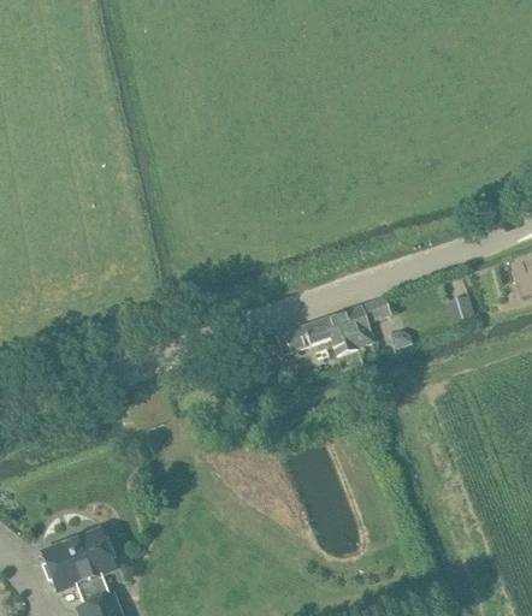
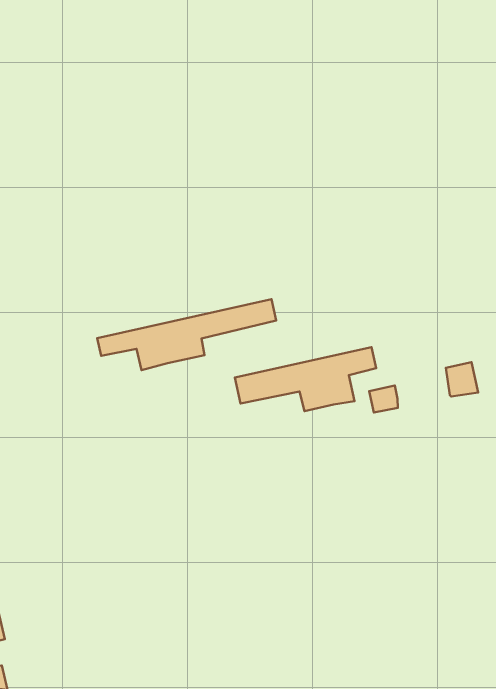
building: none -> [97,299,276,370]

